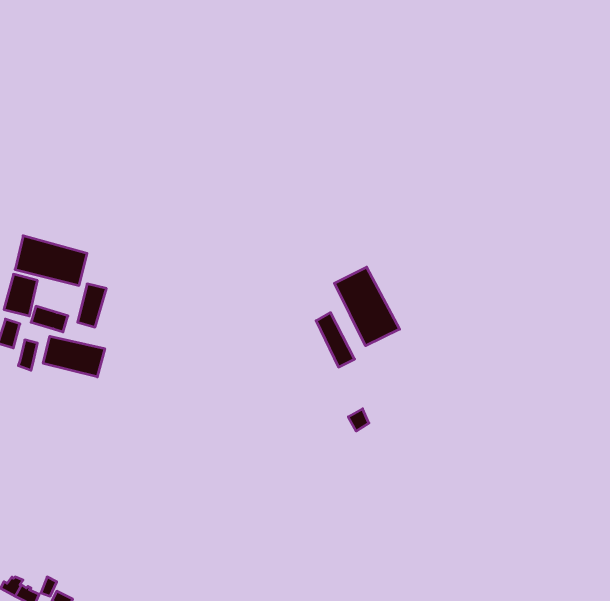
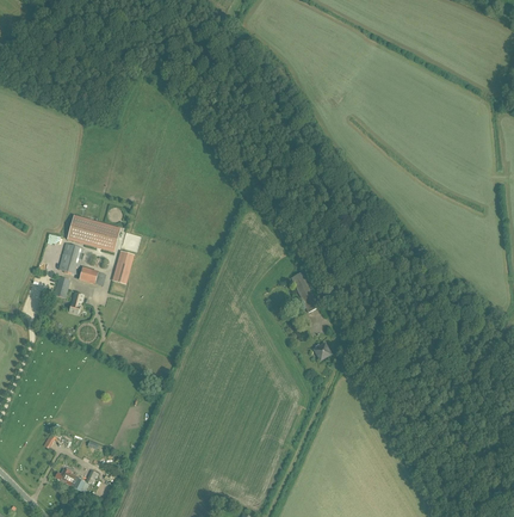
building: [334,267,400,346] -> none
building: [43,336,105,377] -> none

